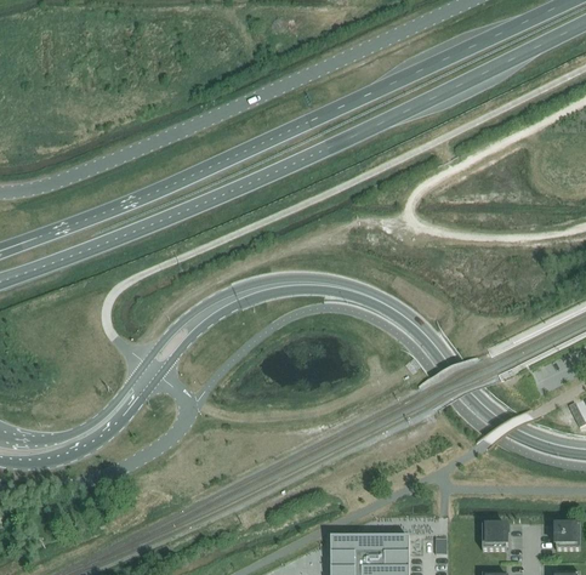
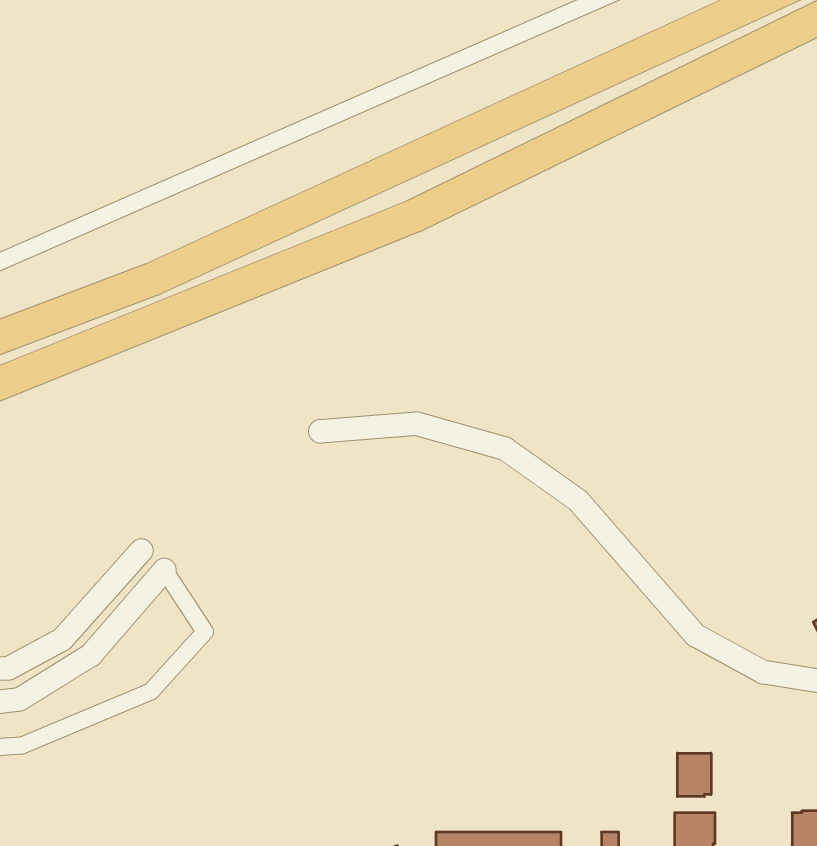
building: none -> [677,753,711,797]

